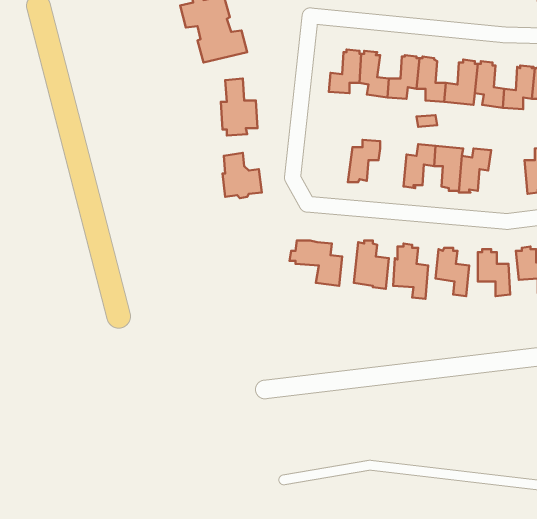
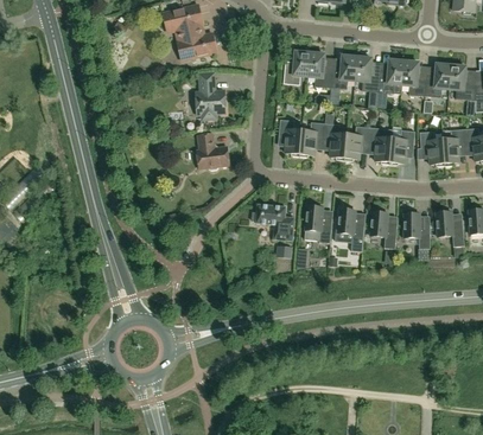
building: none -> [279,119,303,156]
building: none -> [324,123,348,160]
building: none -> [420,130,445,166]

